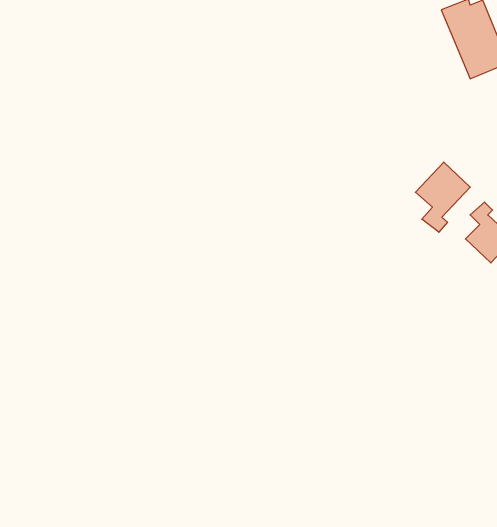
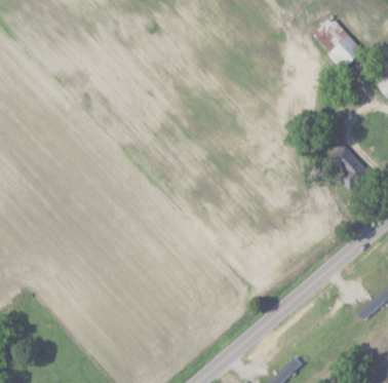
building: [415,162,470,232] -> none

